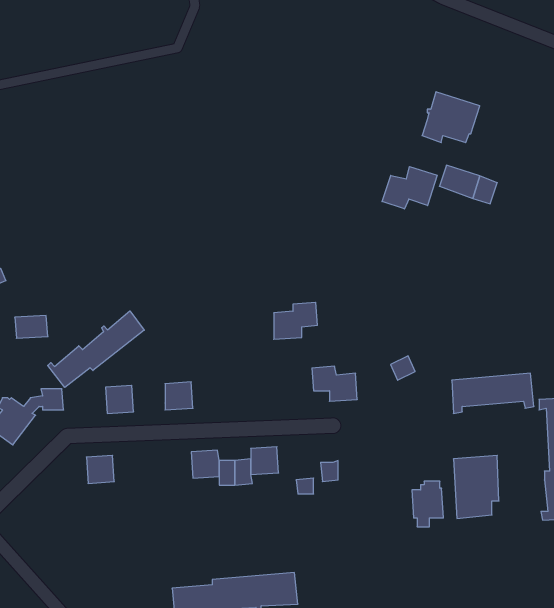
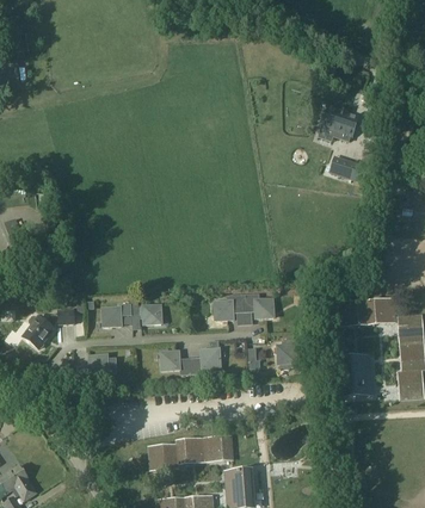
building: [382,167,437,209] -> none
building: [274,302,317,339] -> [215,295,245,320]
building: [48,311,144,387] -> none
building: [412,481,443,527] -> [277,337,298,368]

